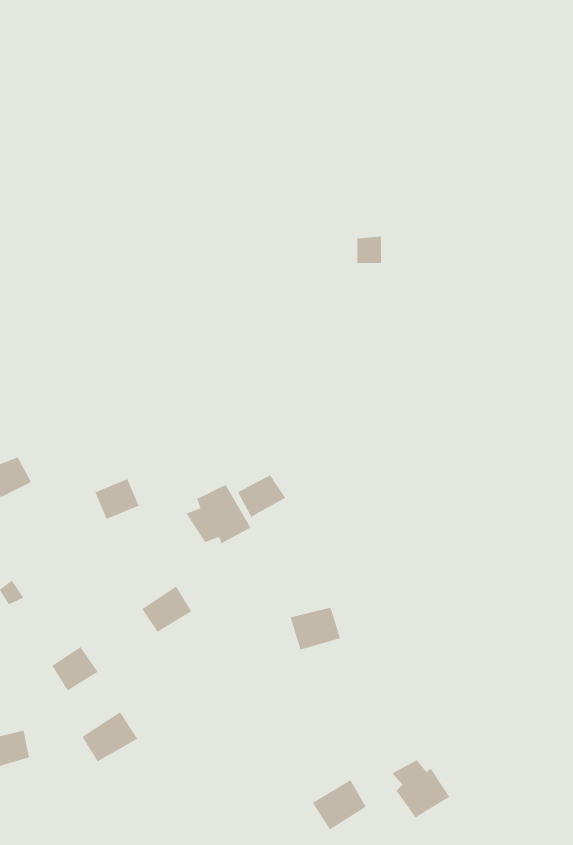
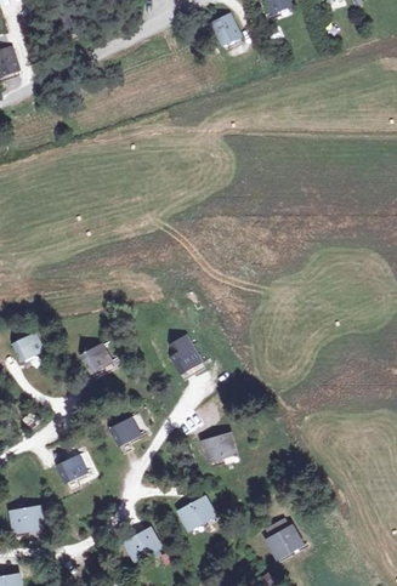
building: [186,484,251,544] -> none
building: [82,712,138,762] -> [124,527,159,558]
building: [312,779,367,830] -> [180,497,214,529]

